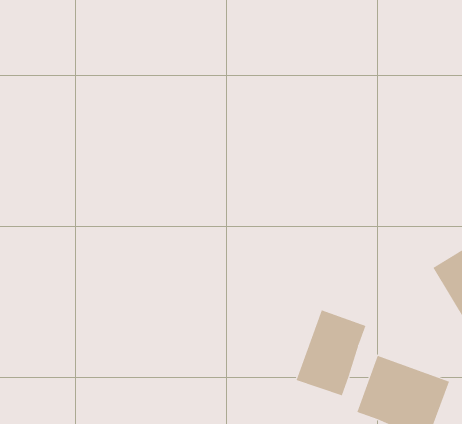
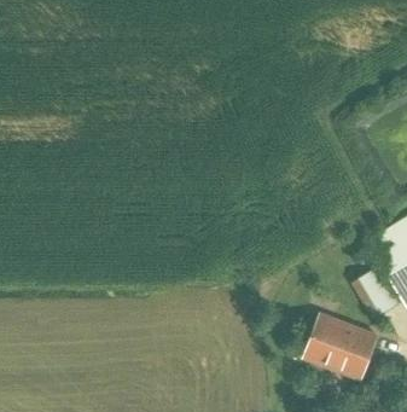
building: [296,309,366,396] -> none

